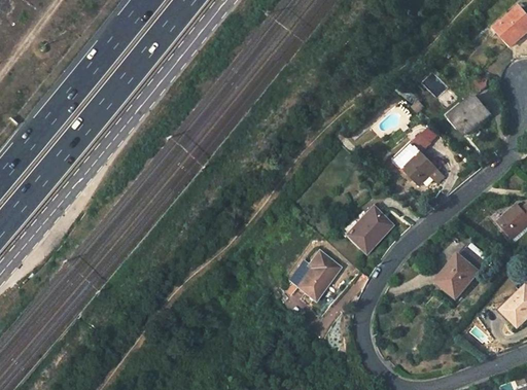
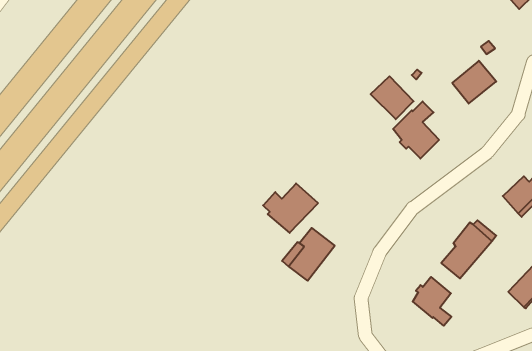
building: none -> [371,76,414,119]
building: [340,207,391,253] -> [263,183,318,233]
building: none -> [413,277,451,326]

